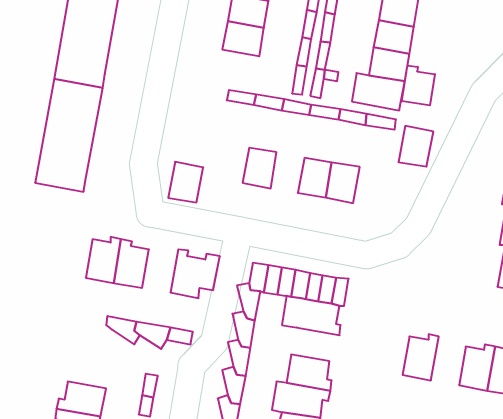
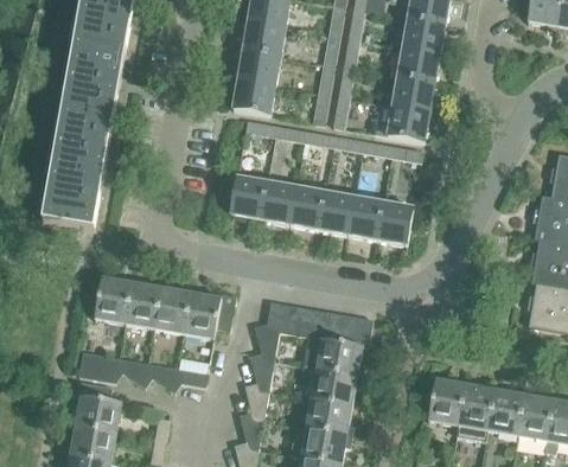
building: none -> [234,77,277,114]
building: [402,66,435,105] -> none
building: [398,126,433,167] -> [376,200,413,243]
building: none -> [289,185,325,228]
building: [168,162,203,202] -> [230,174,267,217]
building: none -> [154,284,192,332]
building: none -> [78,351,122,380]
building: none -> [311,369,362,404]
building: none -> [455,378,494,441]
building: none -> [72,380,121,433]

